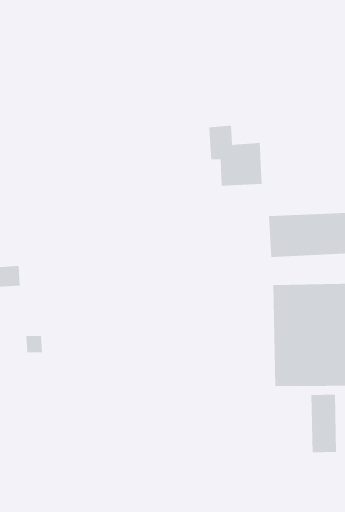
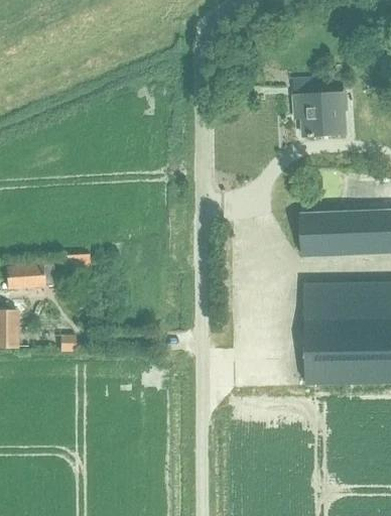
building: [209,125,262,186] -> [292,76,346,136]
building: [311,394,337,453] -> none

